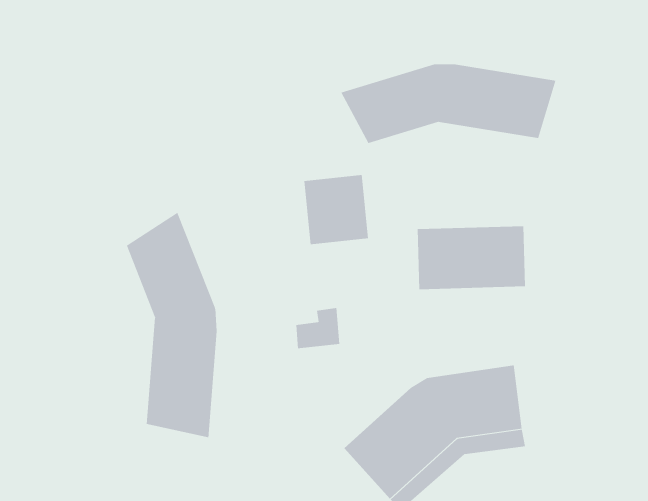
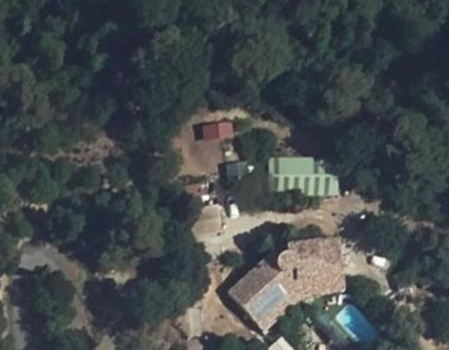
building: [340,64,556,144] -> none
building: [126,212,217,438] -> none

